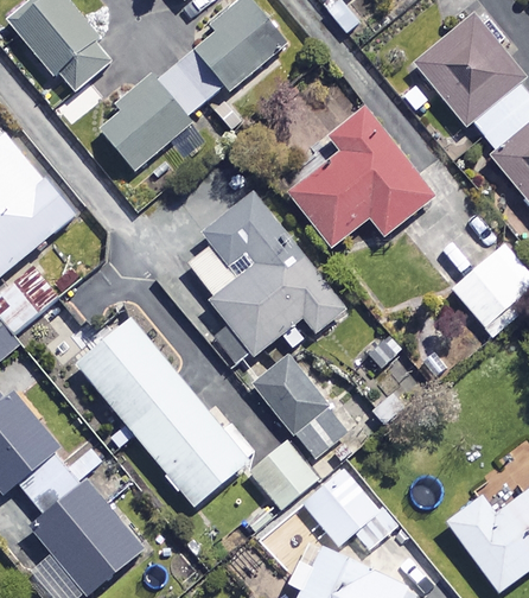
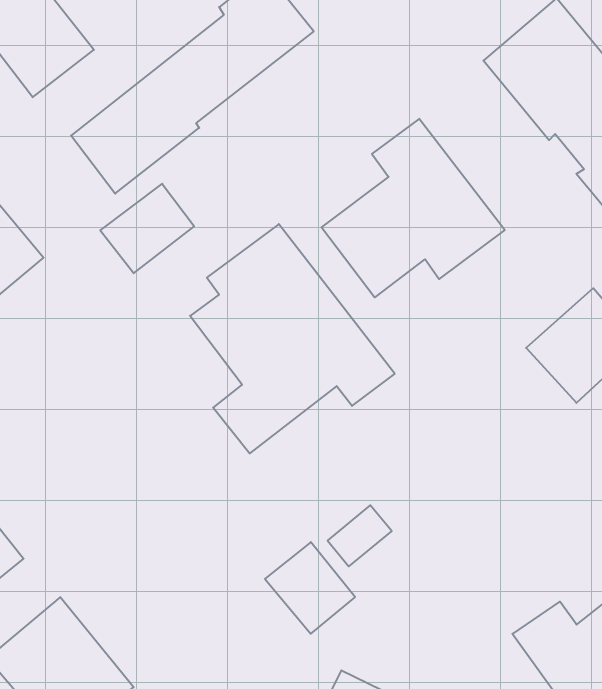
building: none -> [100,184,194,273]
building: [78,319,256,507] -> none
building: [248,355,324,433] -> none
building: [298,463,396,547] -> none

